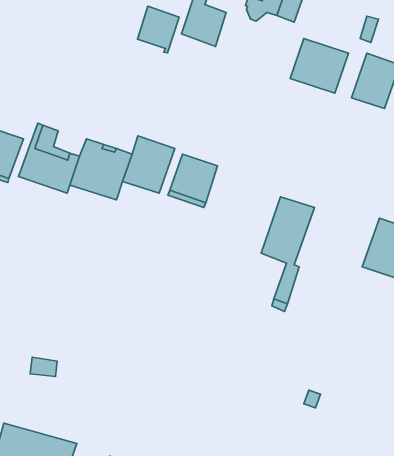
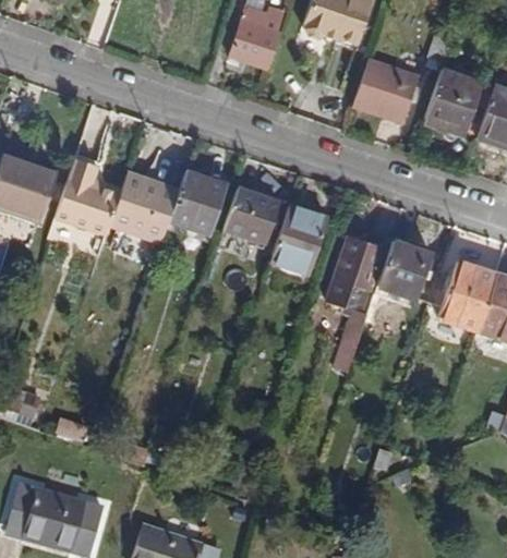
building: [137,6,179,53] -> none
building: none -> [270,204,326,271]
building: none -> [375,239,428,300]

